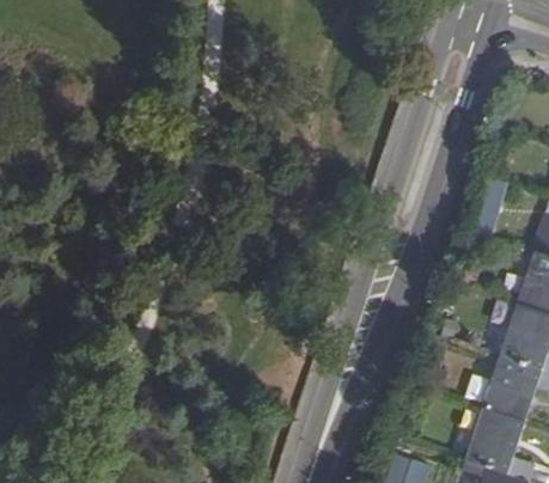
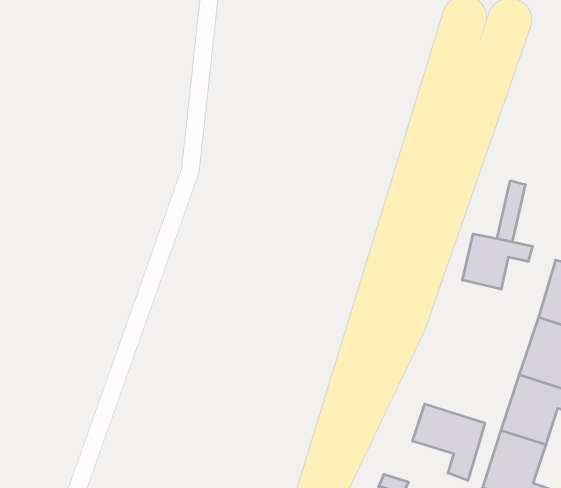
building: none -> [462,234,533,289]
building: none -> [413,404,485,480]

